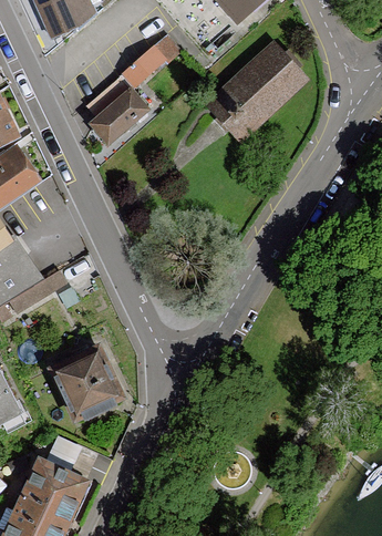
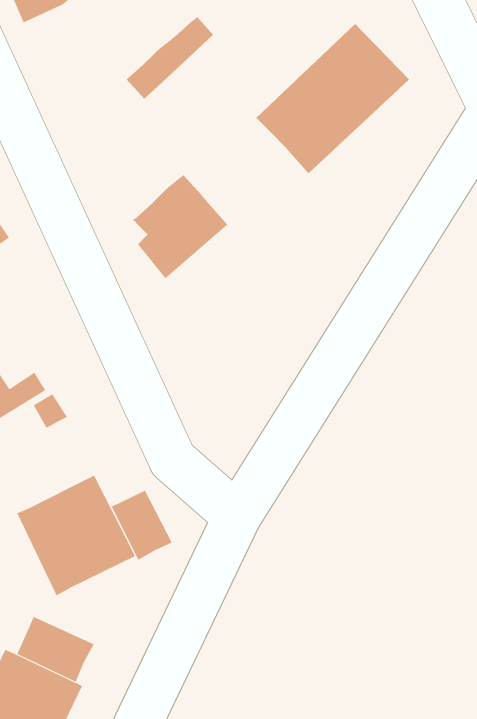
building: [84,78,148,147] -> [132,175,228,279]
building: none -> [111,490,172,561]

